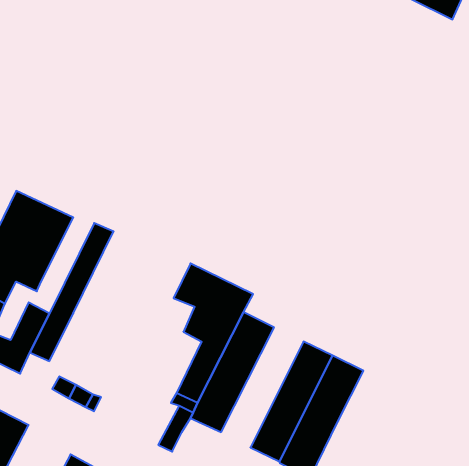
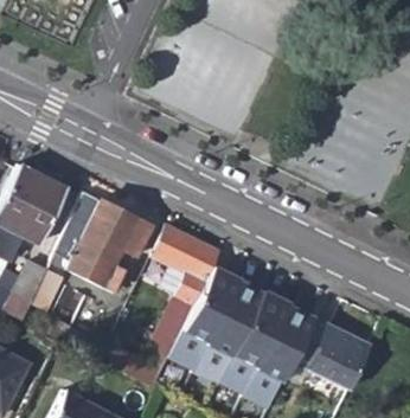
building: none -> [69,199,155,291]
building: none -> [194,281,264,384]
building: none -> [294,317,373,388]

